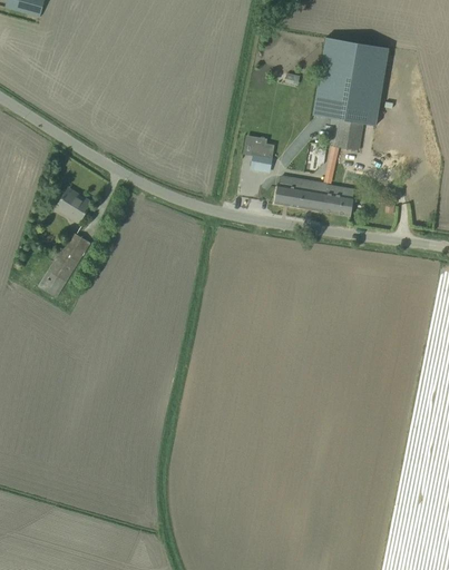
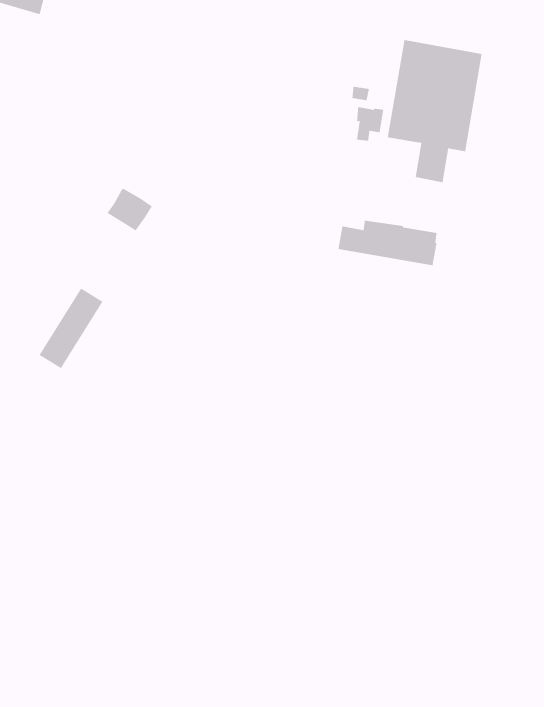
building: [251,144,273,171] -> [356,106,384,142]
building: [55,188,91,223] -> [106,188,153,231]

